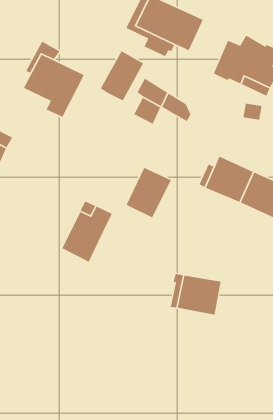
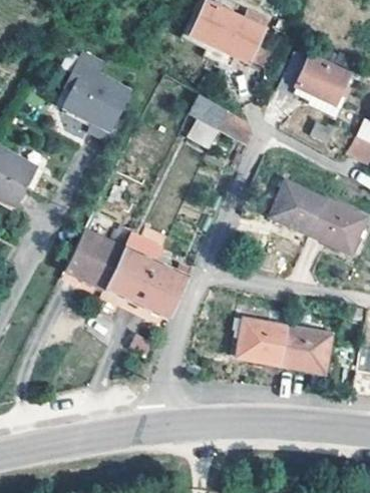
building: [100,50,144,102] -> none
building: [125,167,172,218] -> [136,260,190,319]
building: none -> [64,227,124,288]
building: none -> [281,325,332,373]

